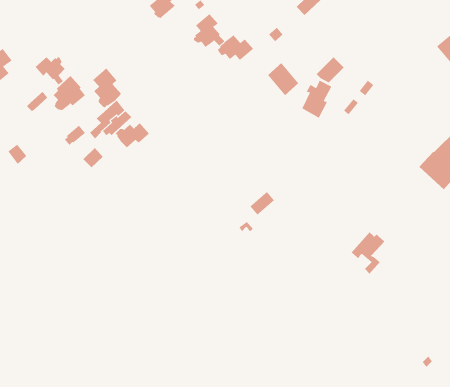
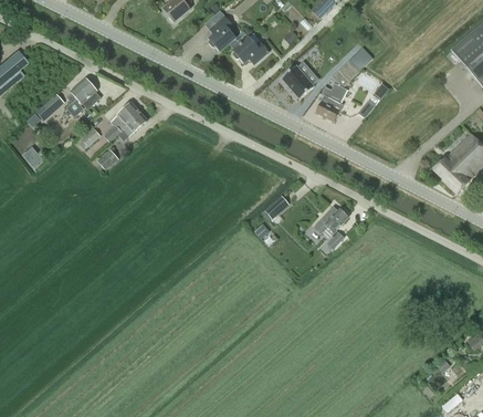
building: [35,56,66,85] -> none
building: [92,68,122,108] -> none
building: [115,122,150,148] -> none
building: [351,231,385,274] -> [314,206,348,249]

